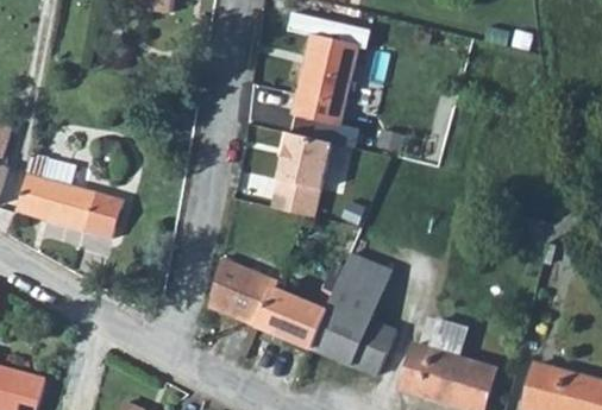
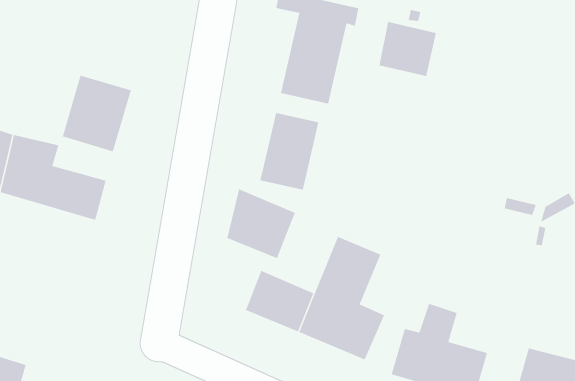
building: none -> [379,21,437,77]
building: none -> [62,75,131,152]
building: [208,258,276,327] -> [227,188,296,259]

